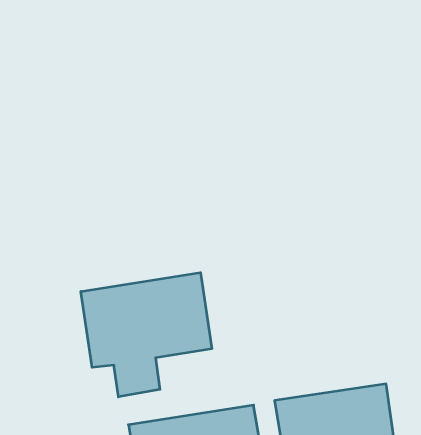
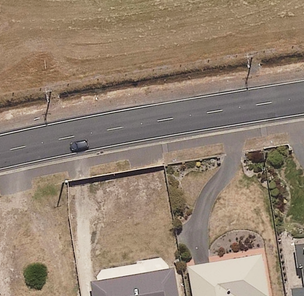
building: [81,273,212,397] -> none

